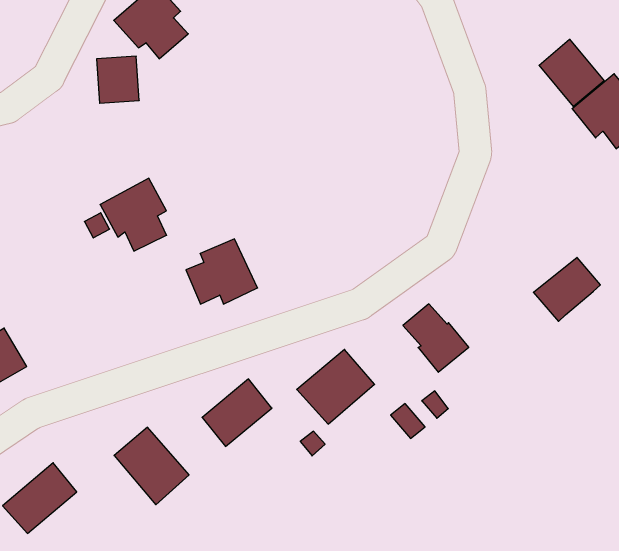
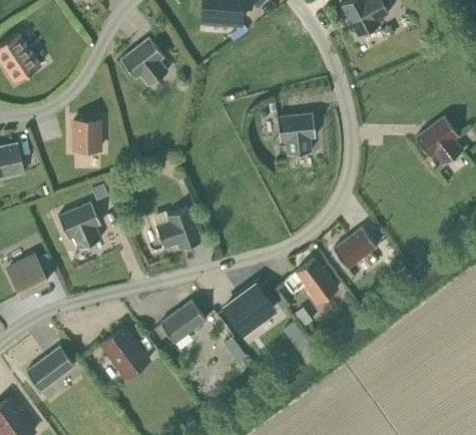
building: [539,39,604,107] -> none
building: [97,56,139,103] -> [73,121,99,150]
building: none -> [276,114,315,155]
building: [100,178,167,251] -> [57,202,100,250]
building: [533,257,600,321] -> [332,229,376,270]

